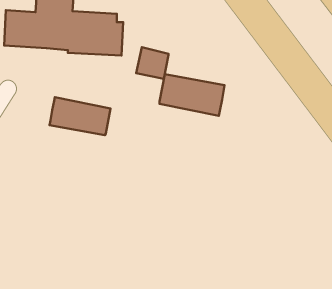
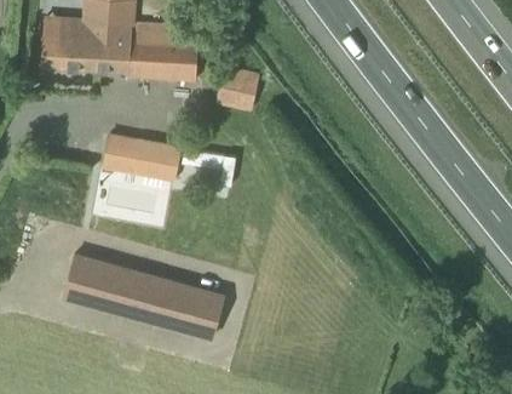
building: [159,74,225,116] -> none
building: none -> [62,255,223,337]

